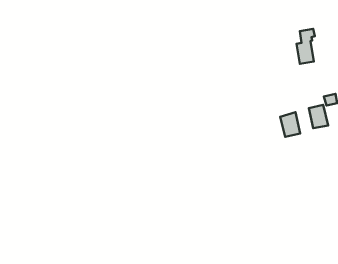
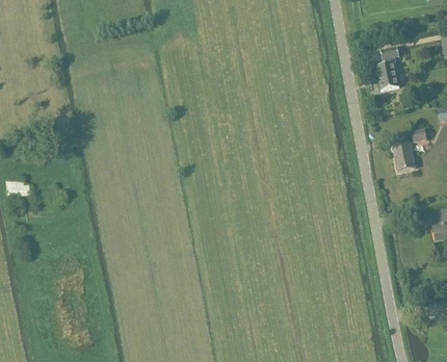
building: [280,112,300,137] -> none

